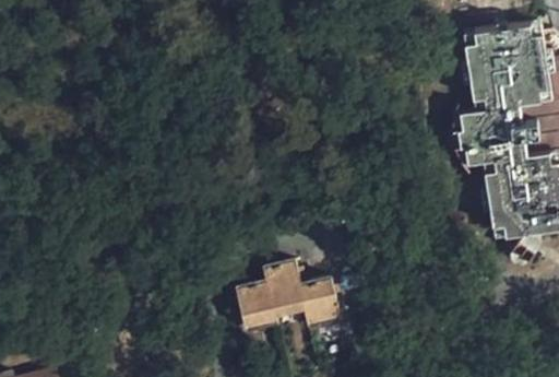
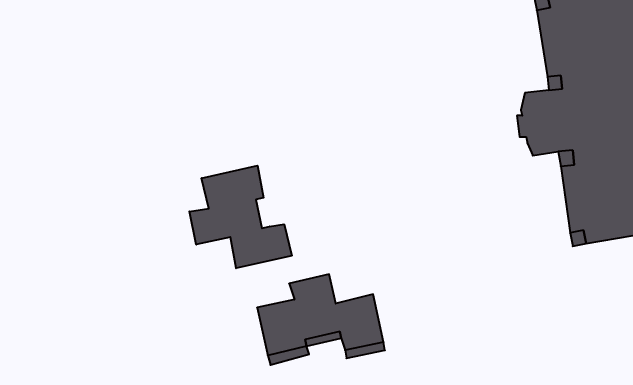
building: none -> [189,166,292,268]

